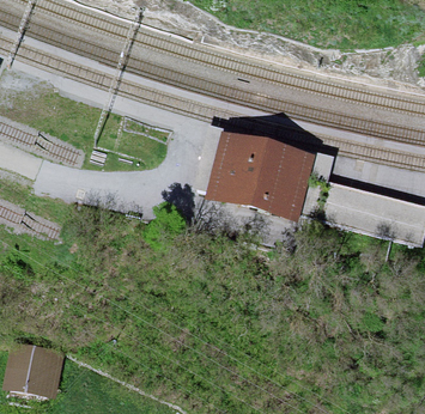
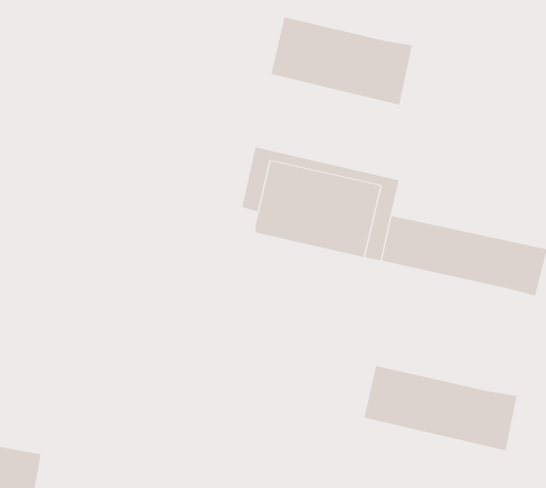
building: none -> [271,17,412,106]
building: none -> [364,365,517,451]

